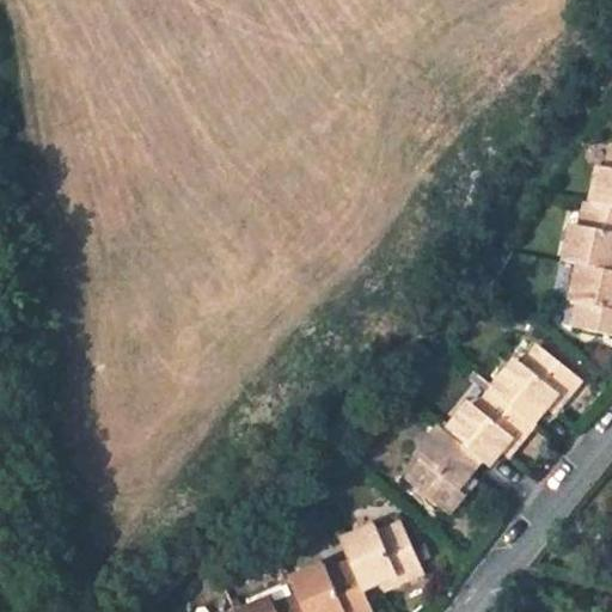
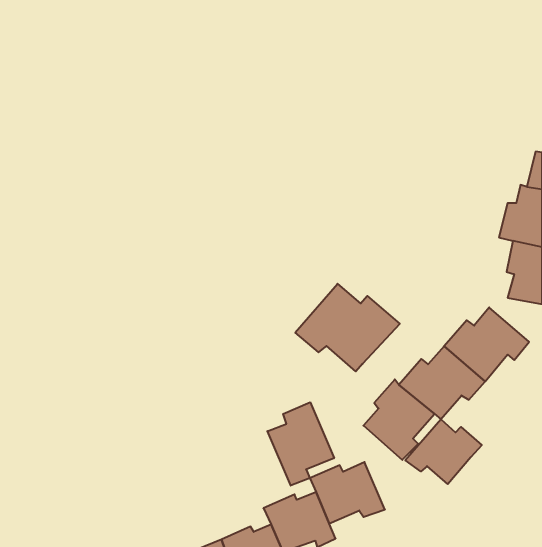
building: none -> [295,284,400,371]
building: none -> [267,402,334,486]
building: none -> [405,419,482,484]

